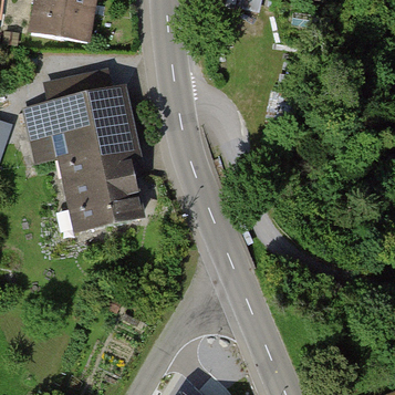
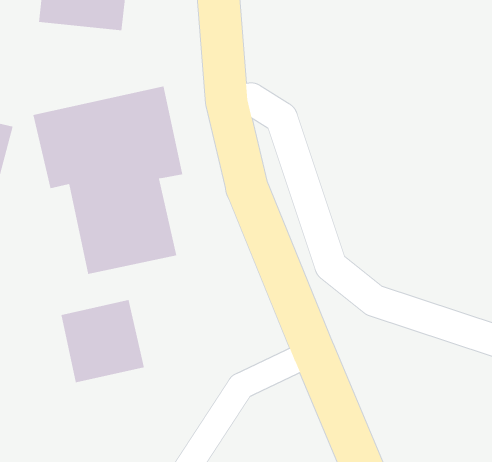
building: none -> [61,299,144,383]

